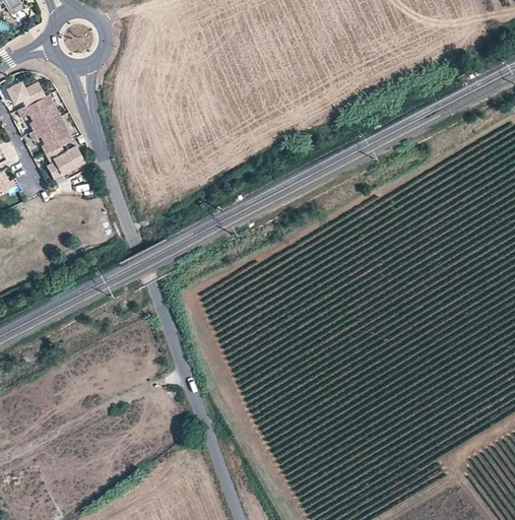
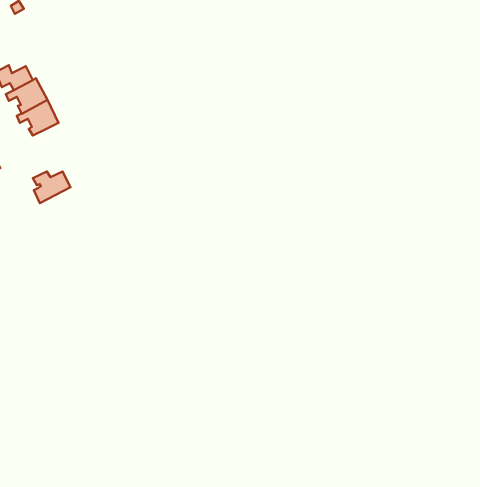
building: [46,146,84,179] -> [33,171,70,203]

